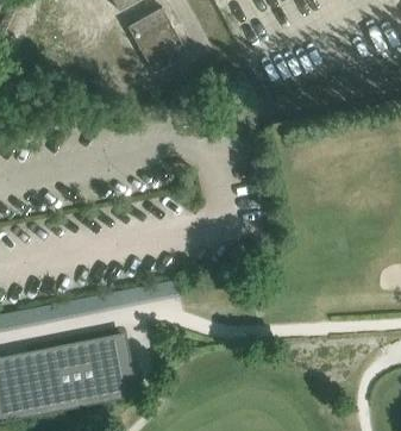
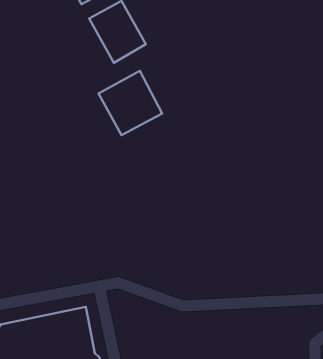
building: none -> [99,71,162,135]

